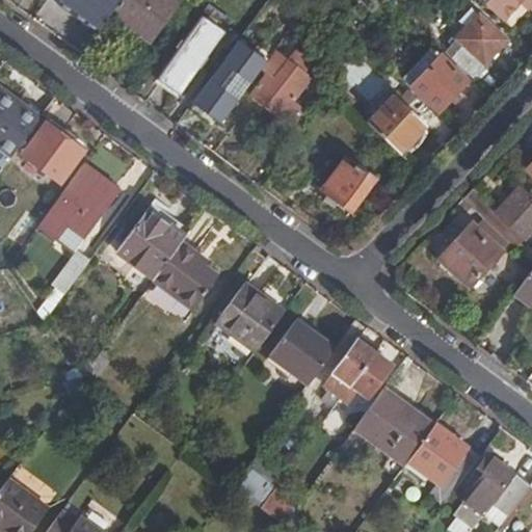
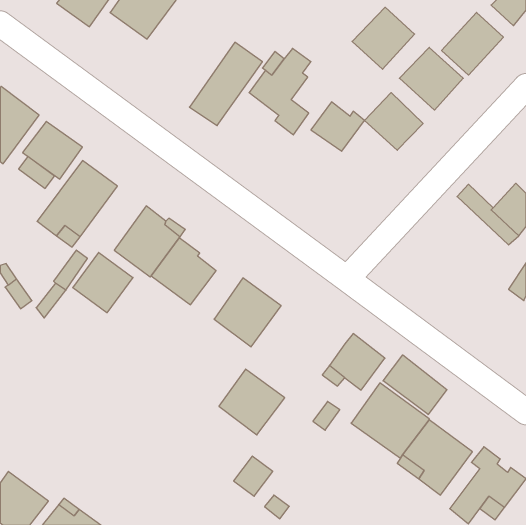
building: none -> [352,7,415,69]
building: [158,15,224,92] -> none
building: [321,160,375,210] -> [311,102,364,151]
building: [436,221,503,287] -> none
building: none -> [73,252,133,313]
building: [269,317,336,383] -> [219,369,285,435]
building: none -> [383,355,447,415]

